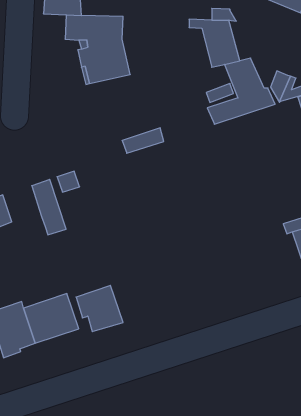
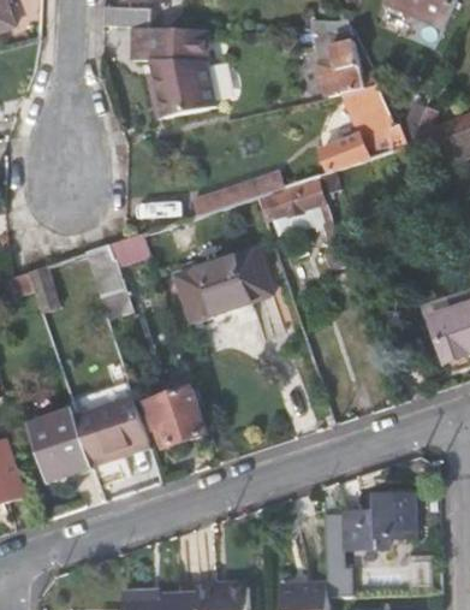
building: none -> [258,177,341,254]
building: none -> [175,248,273,321]
building: none -> [340,496,418,549]

